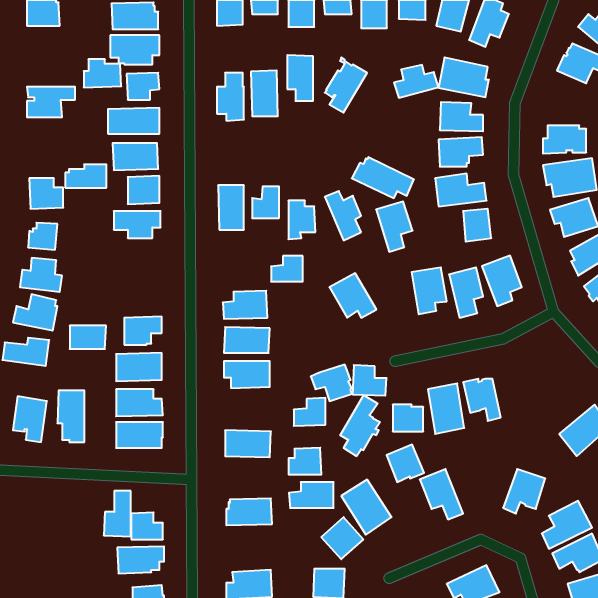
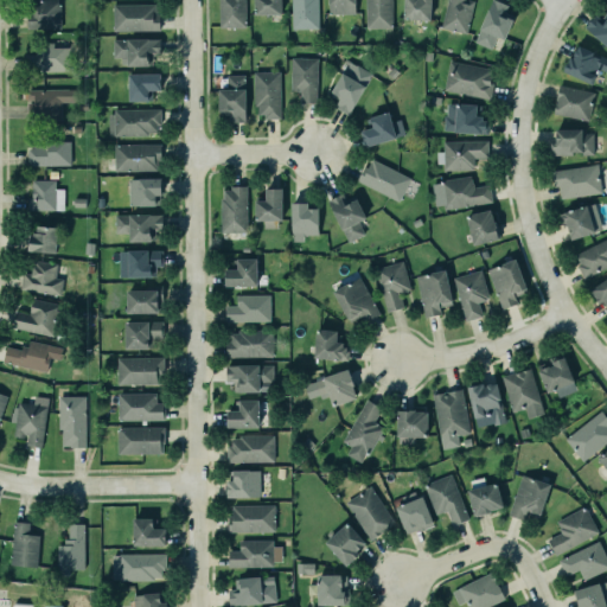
building: [84,59,121,87] -> [33,44,71,72]
building: [394,65,439,98] -> [362,114,407,147]
building: none -> [554,84,596,121]
building: [65,164,106,188] -> [30,141,71,165]
building: [376,201,413,252] -> [376,262,413,313]
building: none -> [120,250,164,277]
building: [271,256,303,282] -> [226,260,258,286]
building: [70,326,106,349] -> [128,290,165,314]
building: none -> [539,357,576,394]
building: none -> [504,369,545,418]
building: [353,365,387,396] -> [315,331,350,362]
building: [294,398,325,426] -> [228,401,260,429]
building: [387,445,424,482] -> [397,497,435,535]
building: [289,448,321,475] -> [228,471,261,498]
building: none -> [468,484,504,517]
building: [289,482,334,508] -> [229,541,274,567]
building: [104,491,131,537] -> [58,525,85,571]
building: none -> [12,523,41,568]

